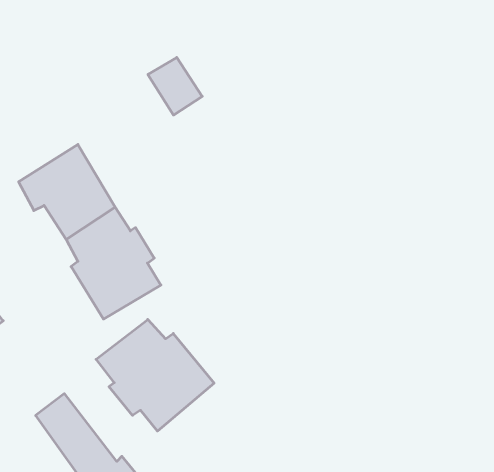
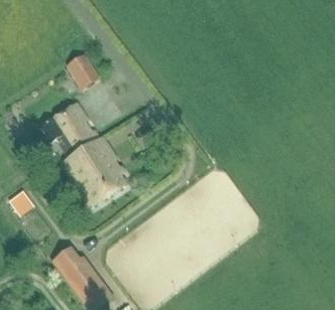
building: [148,57,202,115] -> [67,54,99,89]
building: [96,319,214,431] -> none

